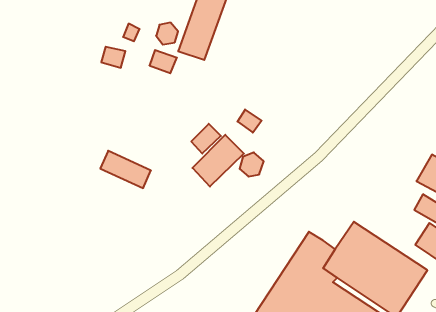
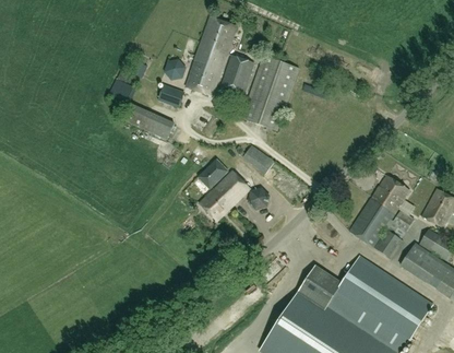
building: none -> [220,55,253,92]
building: none -> [240,55,297,129]
building: none -> [349,174,414,257]
building: [100,151,151,188] -> [123,102,174,139]
building: none -> [401,243,434,279]

